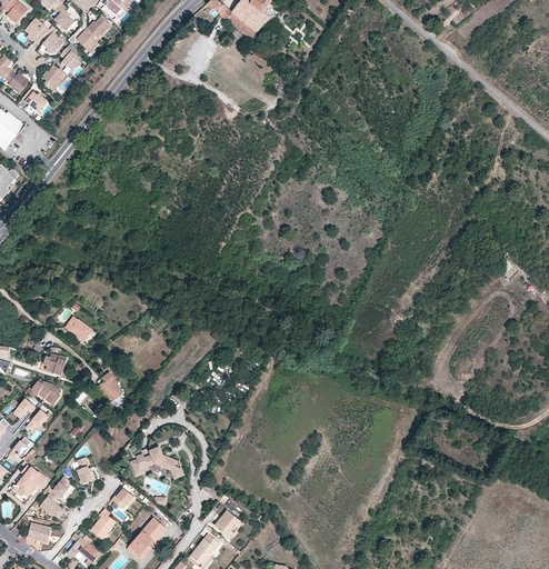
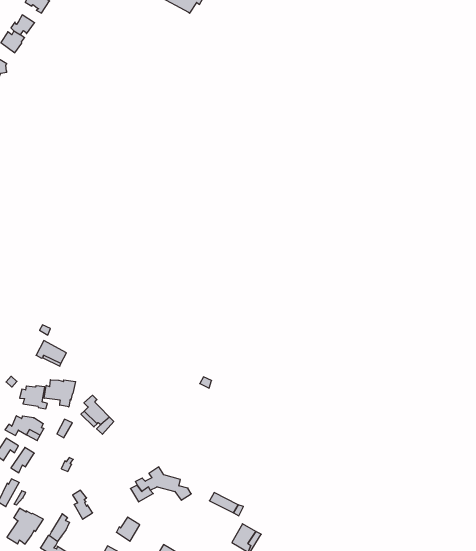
building: none -> [44,380,76,407]

